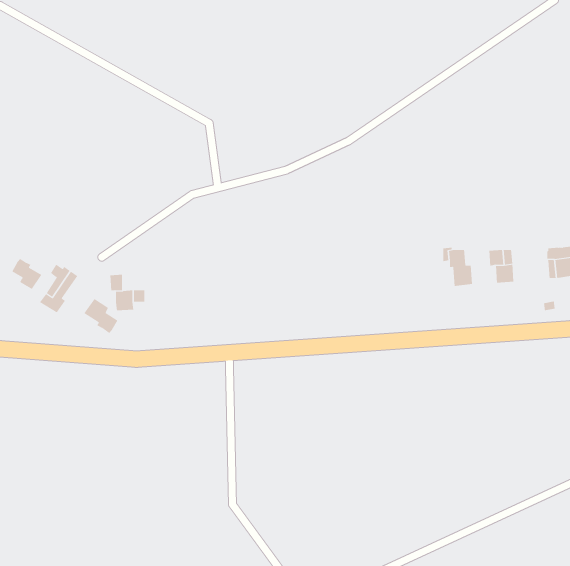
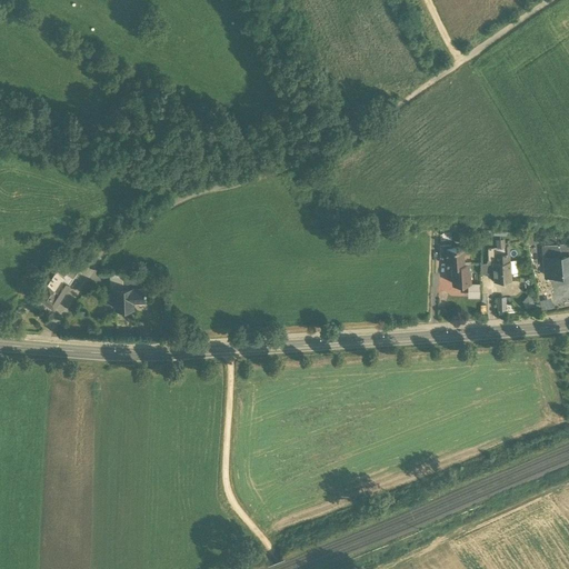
building: [12,258,42,290] -> none
building: [83,298,118,334] -> none

